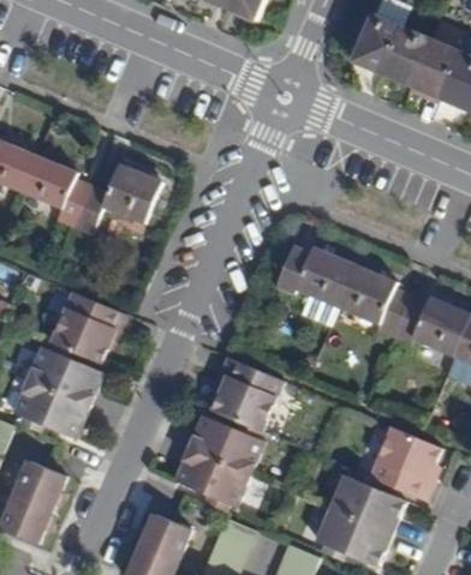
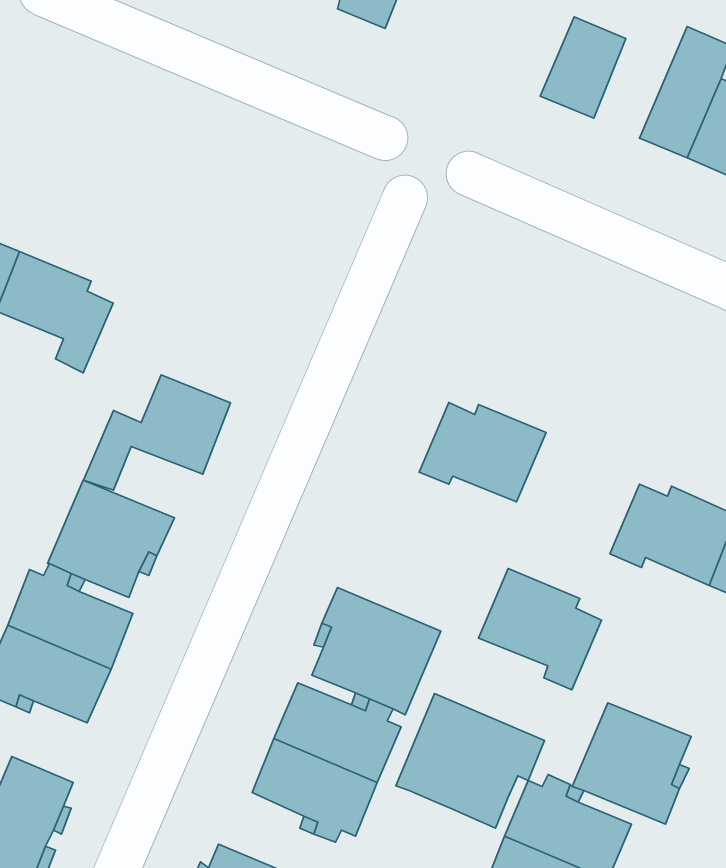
building: [381,26,429,86] -> none
building: [72,164,161,234] -> [84,375,231,490]
building: [334,264,409,337] -> [478,569,602,690]
building: none -> [396,694,545,828]

